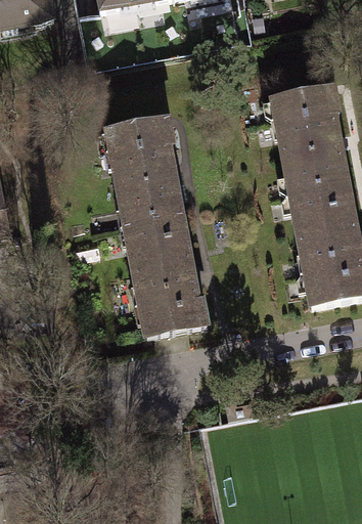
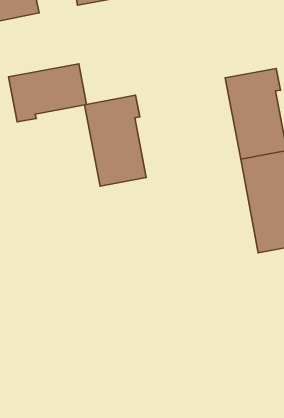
building: none -> [9,64,87,122]
building: [127,214,208,335] -> none

